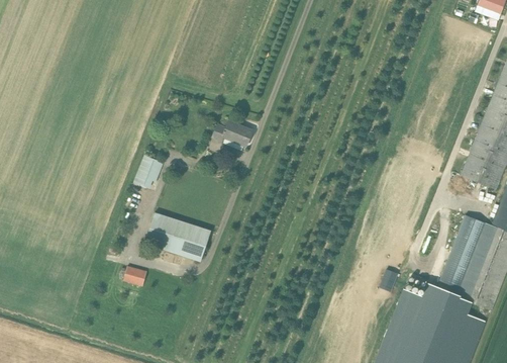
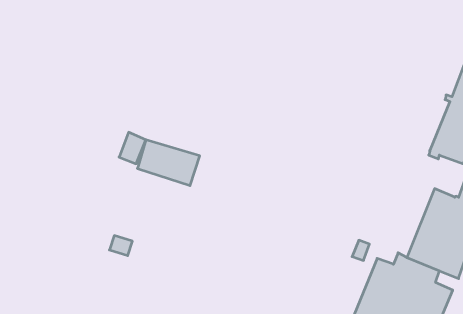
building: [213,120,252,146] -> none
building: [145,212,211,261] -> [137,140,200,186]

